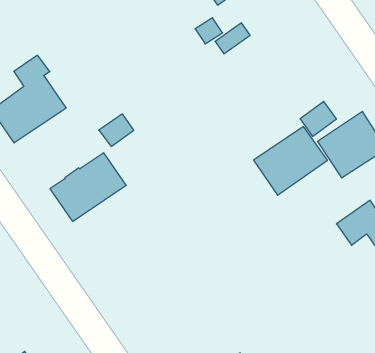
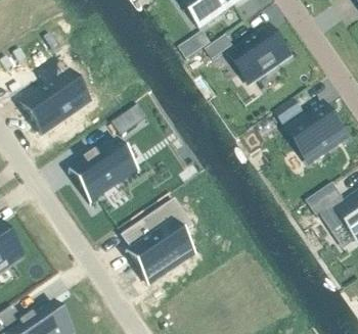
building: [254,127,327,195] -> [228,30,288,86]
building: none -> [127,201,191,282]

